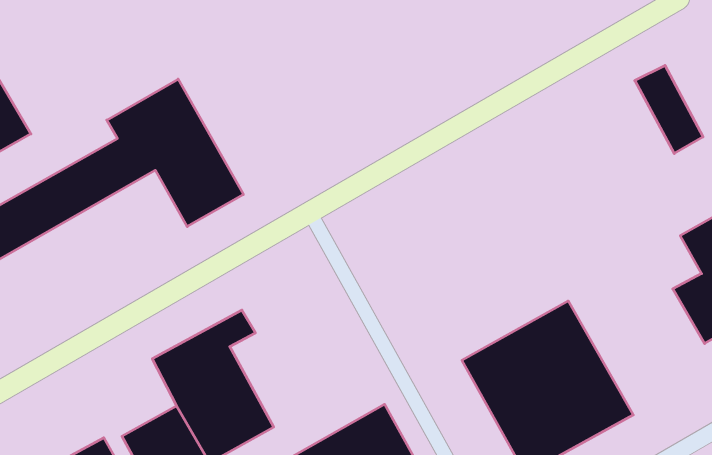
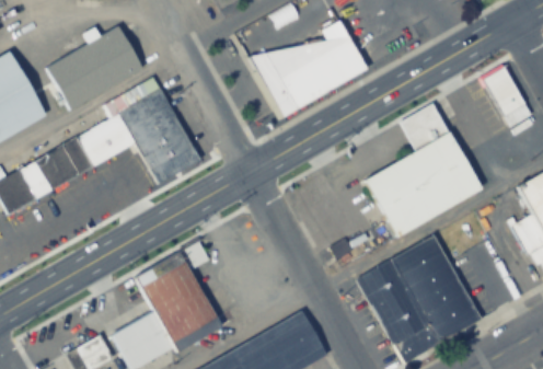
building: none -> [46,24,145,111]
building: none -> [250,35,369,116]
building: none -> [365,102,484,238]

